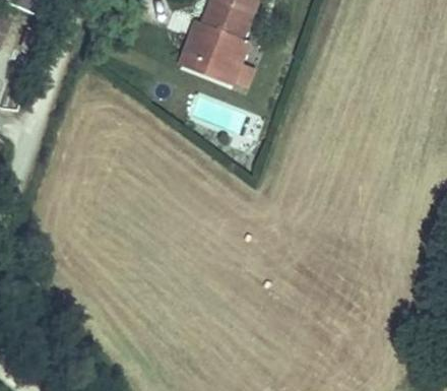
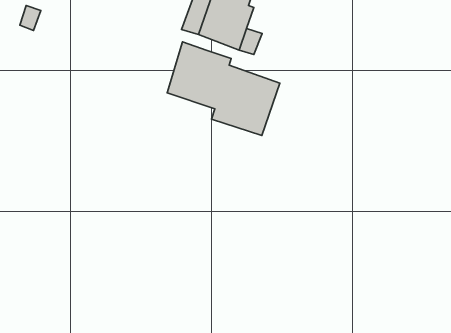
building: none -> [167,42,280,135]

